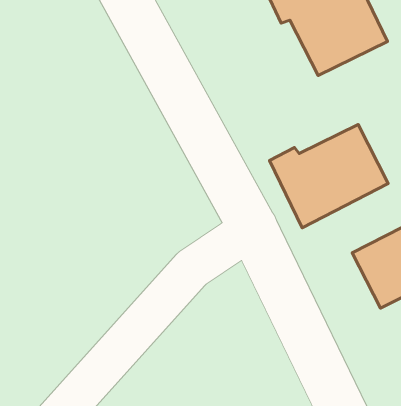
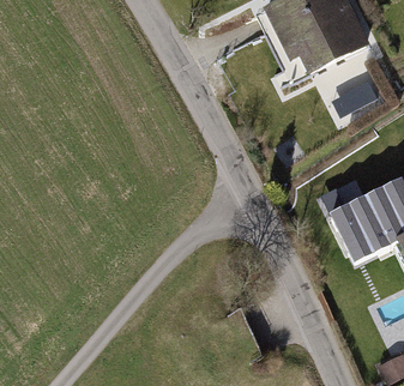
building: [270,125,388,228] -> none

